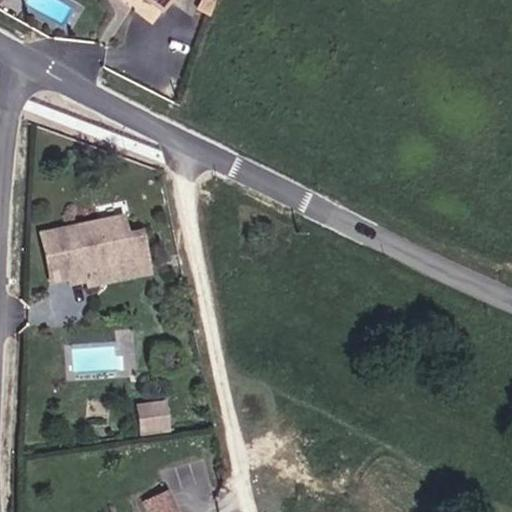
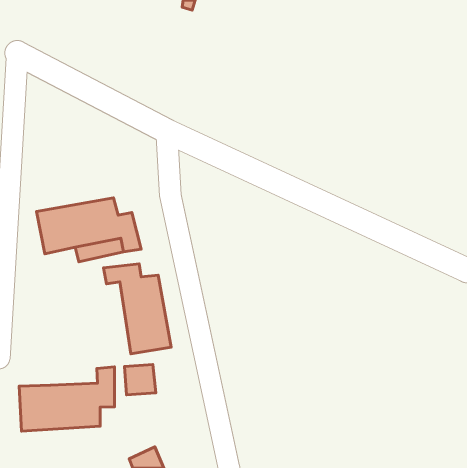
building: none -> [103,264,171,354]
building: none -> [19,367,114,431]

